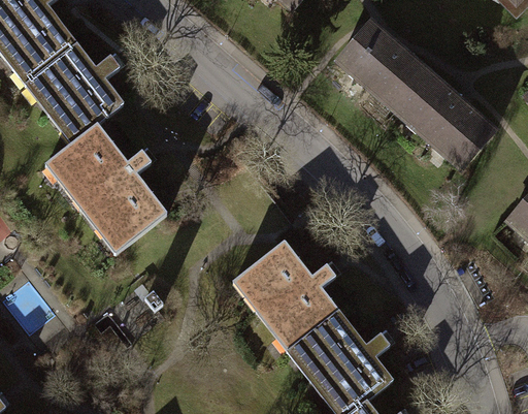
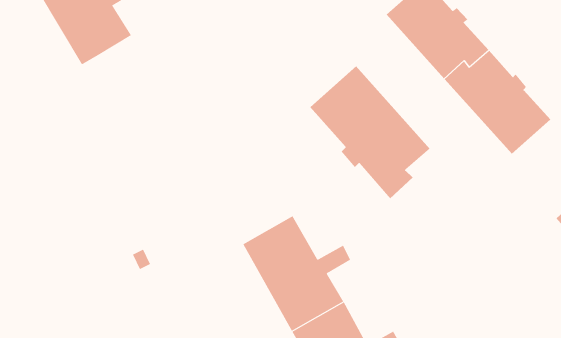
building: none -> [309,65,431,199]
building: [51,128,162,248] -> none

